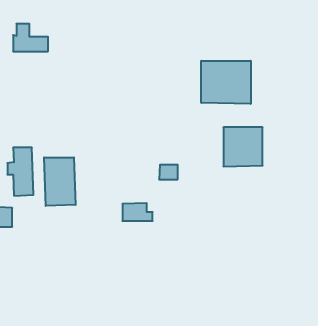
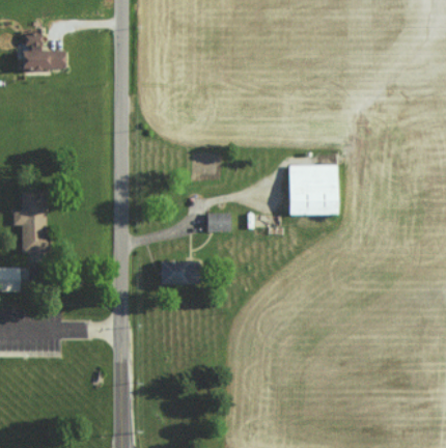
building: [201,61,251,104] -> none
building: [44,157,76,206] -> none

